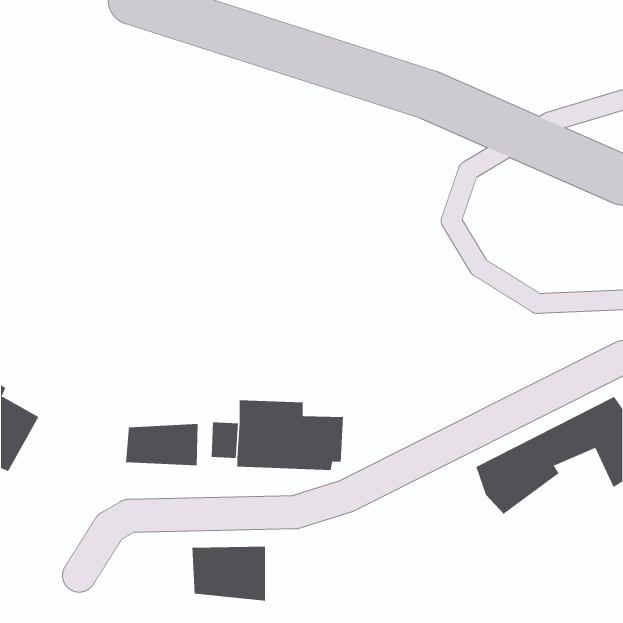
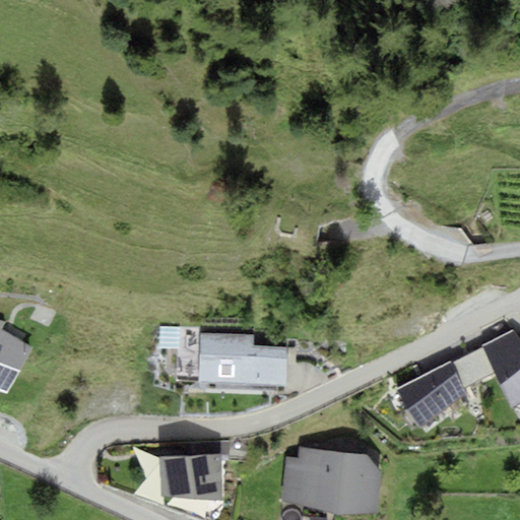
building: [125,423,198,466] -> none
building: none -> [281,447,382,514]

